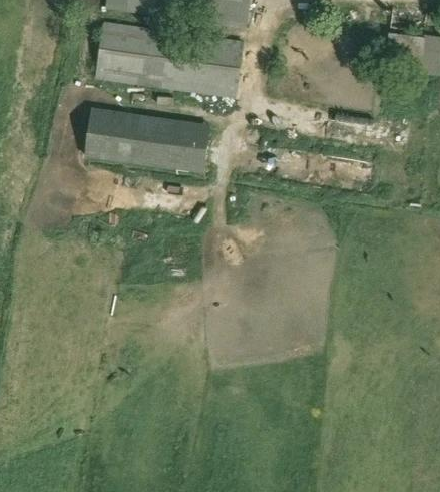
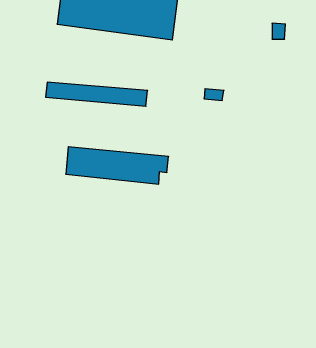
building: [87,109,211,154] -> [66,147,169,184]

